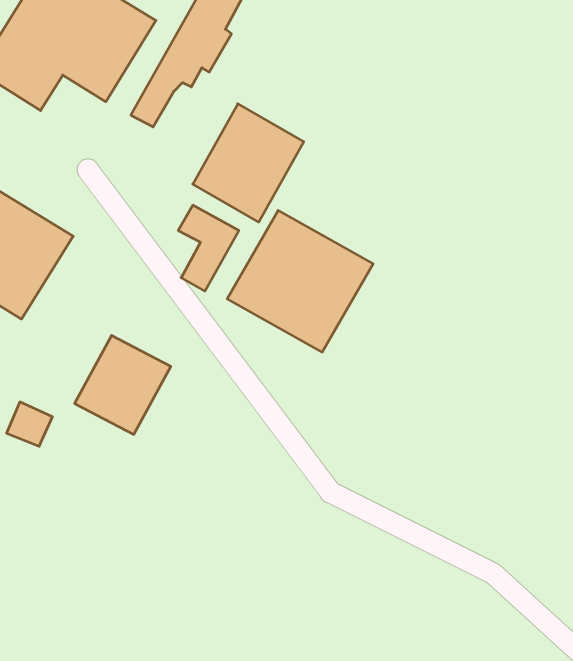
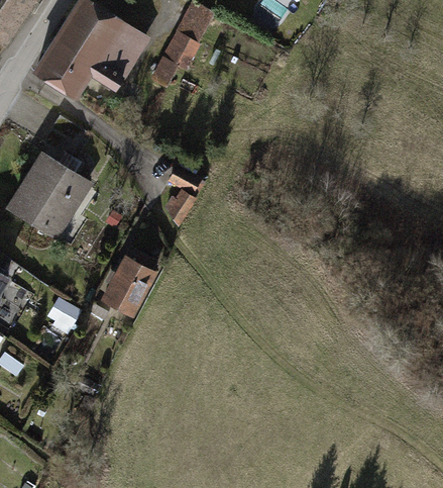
building: [193,104,304,222] -> none
building: [227,210,373,352] -> none

